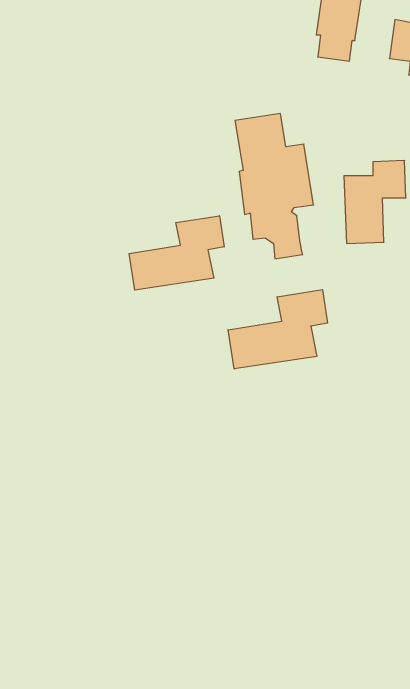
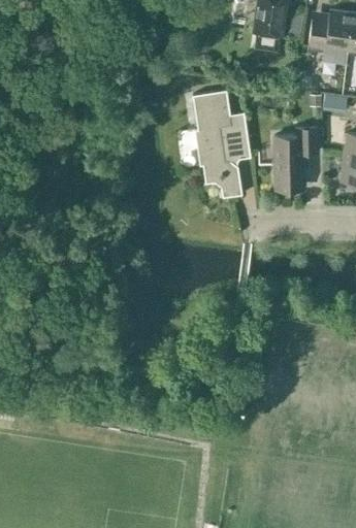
building: [129,216,224,290] -> none
building: [228,290,328,369] -> none

